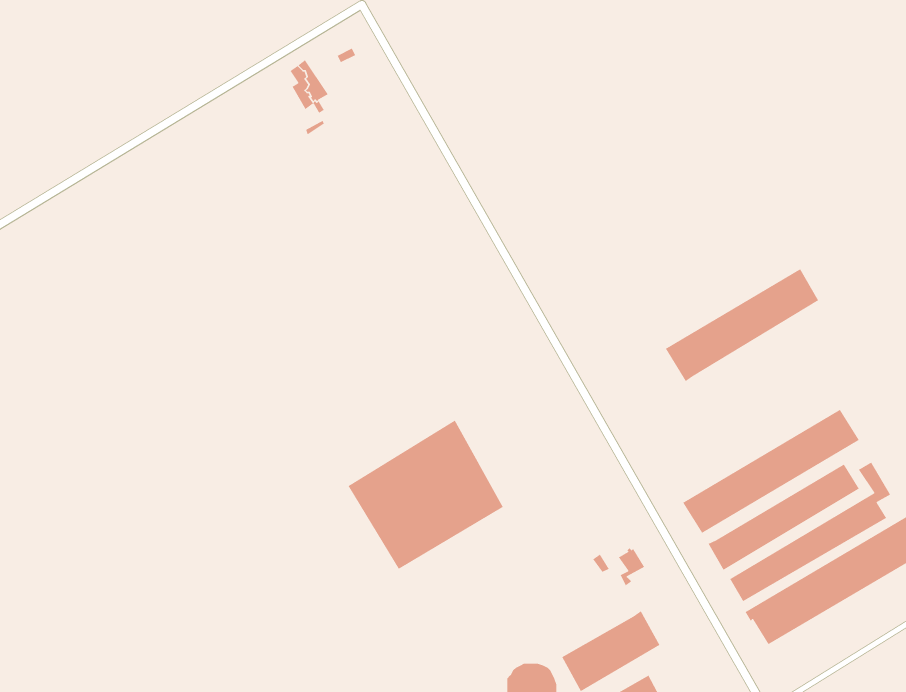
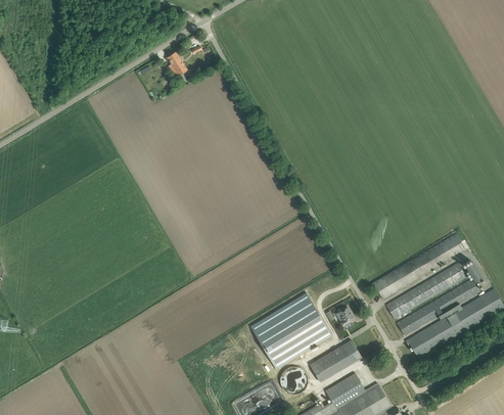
building: [665,268,819,382] -> none
building: [348,419,504,570] -> [249,290,331,369]

